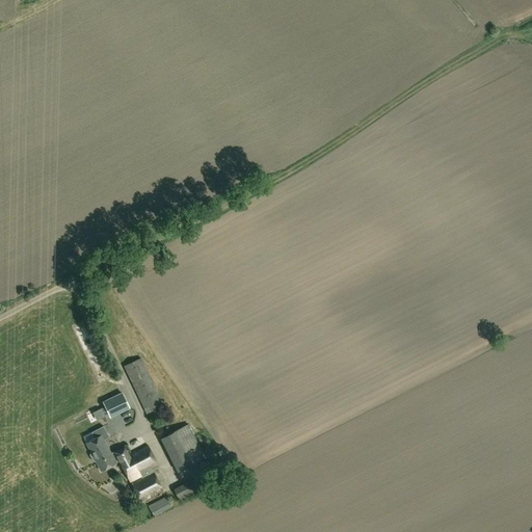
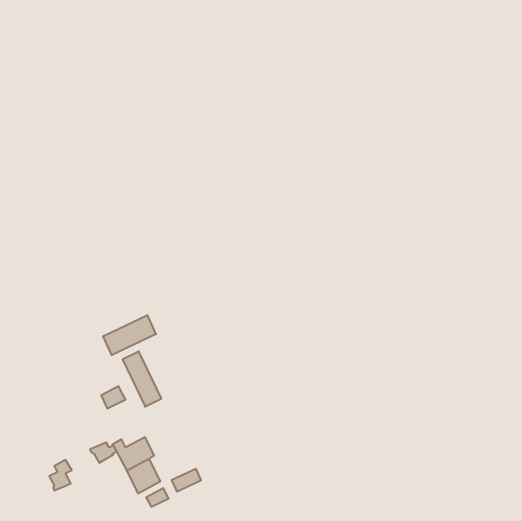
building: none -> [103,315,156,355]
building: [161,425,205,472] -> none
building: [86,426,109,457] -> [49,460,72,491]

